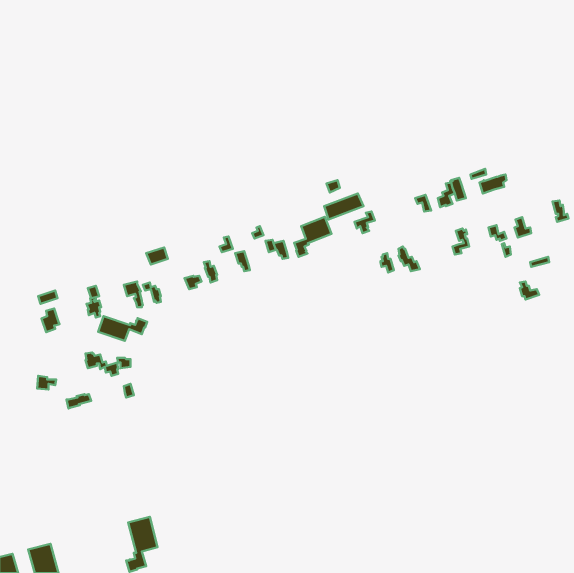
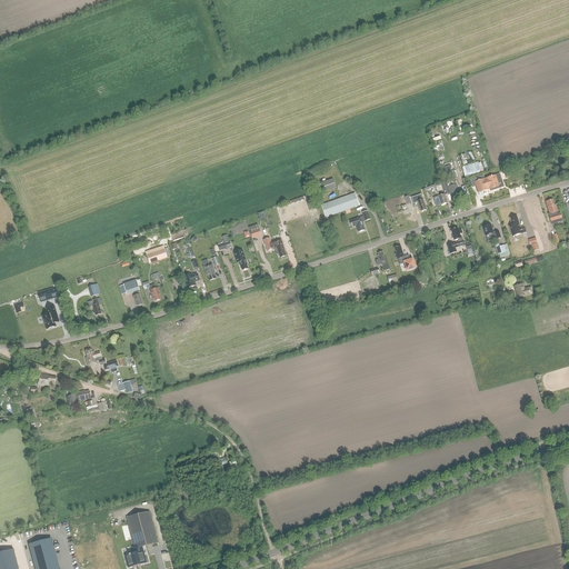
building: [294,217,331,257] -> none
building: [98,316,147,341] -> none

